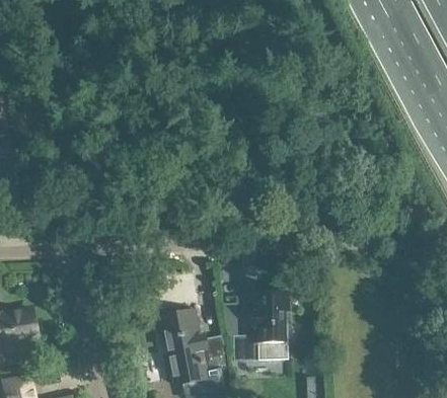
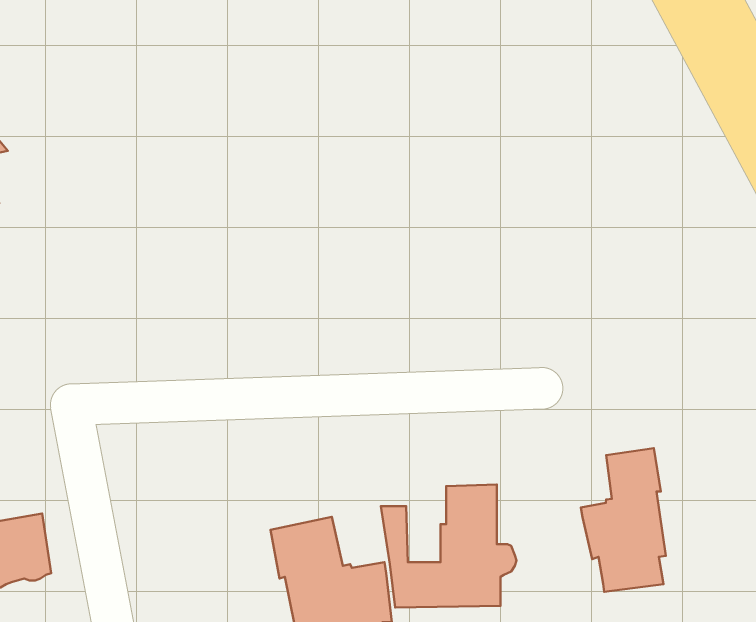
building: none -> [581,448,666,592]

